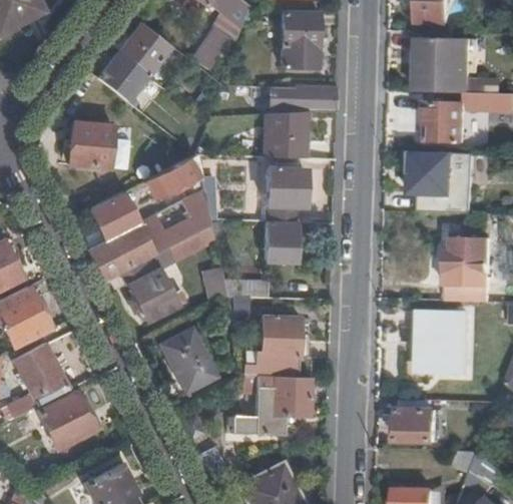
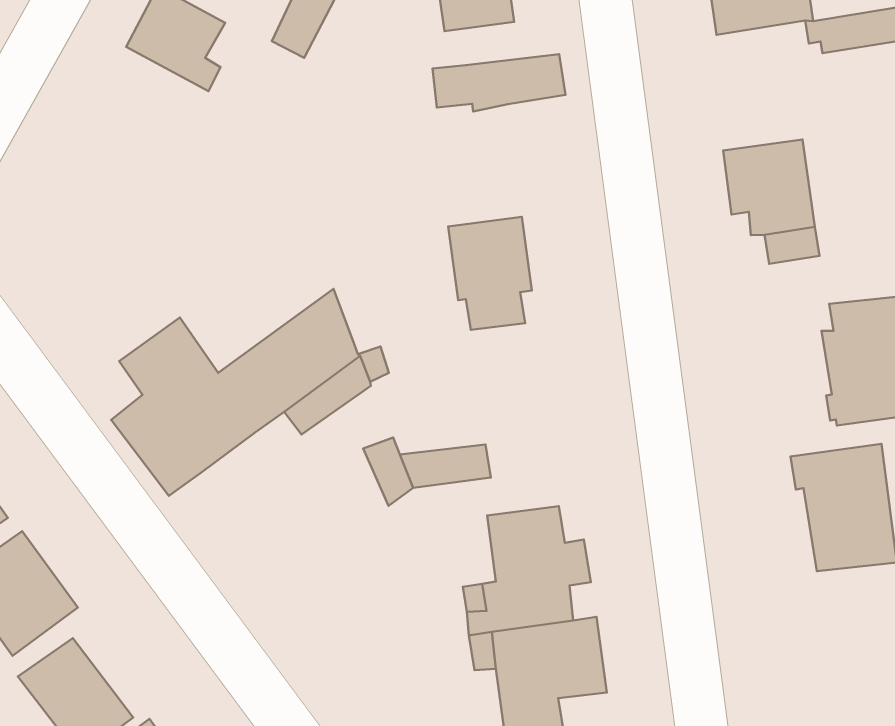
building: [98,50,149,101] -> none
building: [427,104,465,141] -> none
building: [265,110,308,157] -> none
building: [69,122,114,167] -> none
building: [147,154,200,196] -> none
building: [265,221,299,262] -> none
building: [122,256,184,322] -> none
building: [161,329,215,392] -> none
building: [398,399,437,442] -> none

